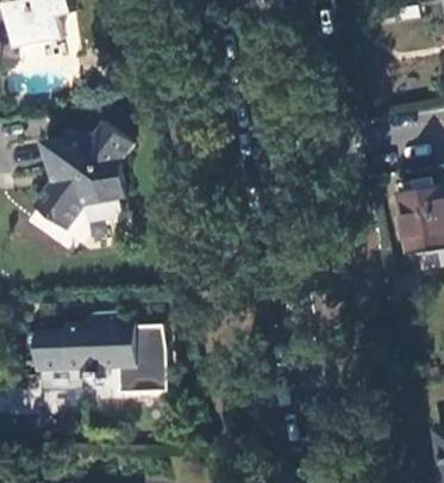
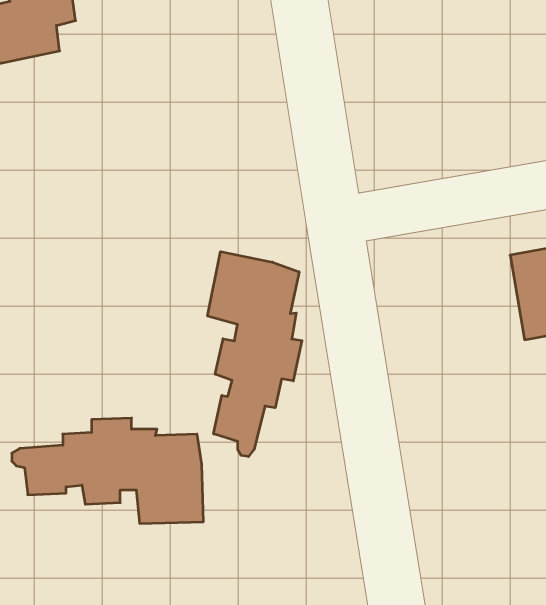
building: [35,124,133,229] -> none
building: none -> [208,252,302,457]

